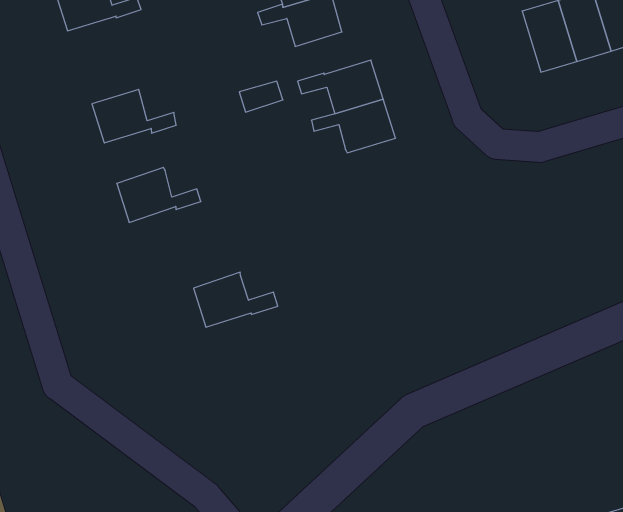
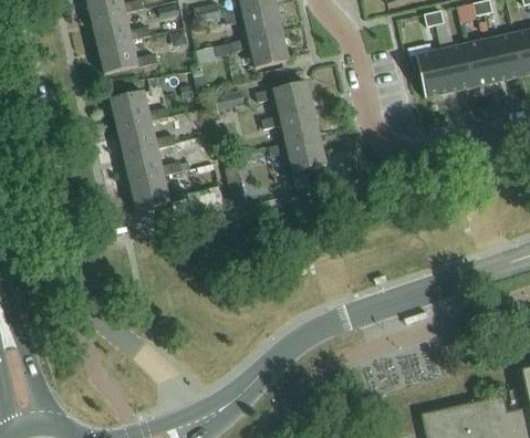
building: none -> [98,40,157,75]
building: none -> [118,119,177,156]
building: none -> [268,138,326,174]
building: [194,272,278,327] -> [132,175,189,211]

